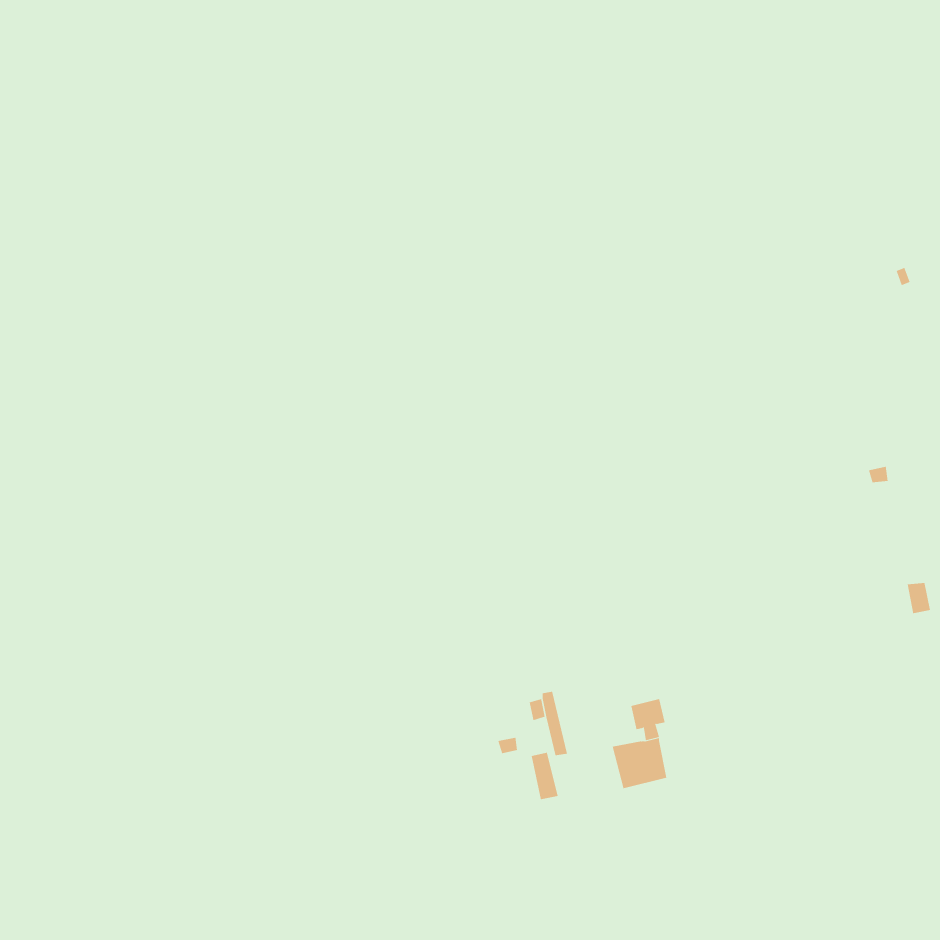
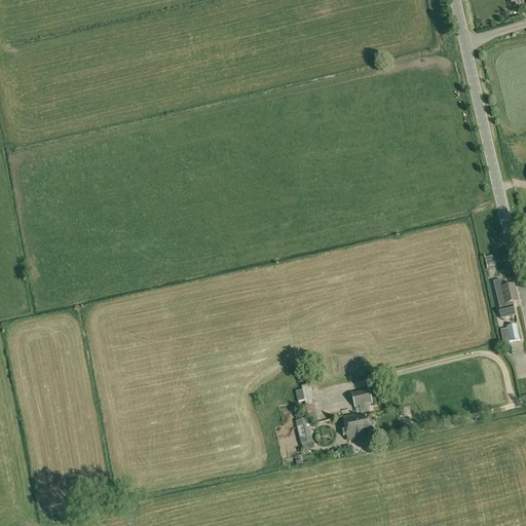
building: none -> [492,279,517,318]

